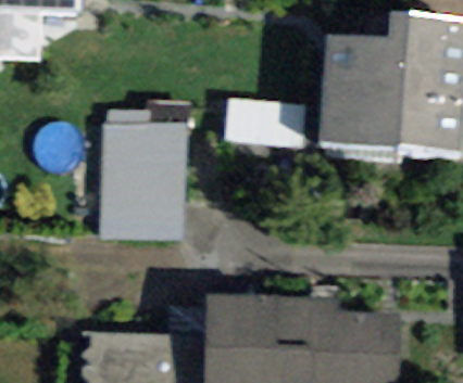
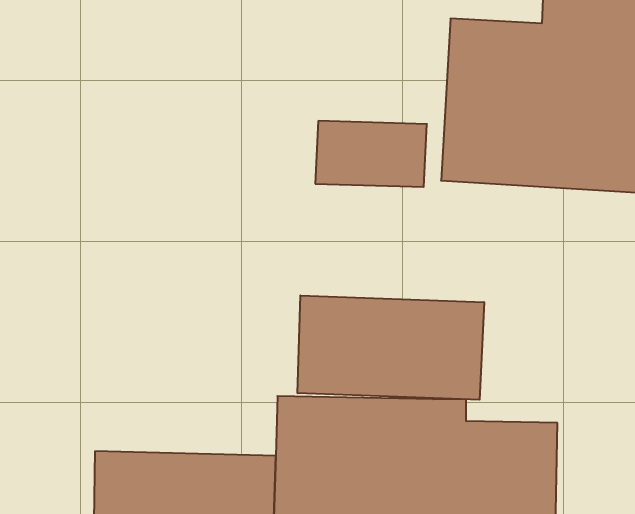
building: [97,119,186,242] -> none
building: none -> [298,295,484,400]

